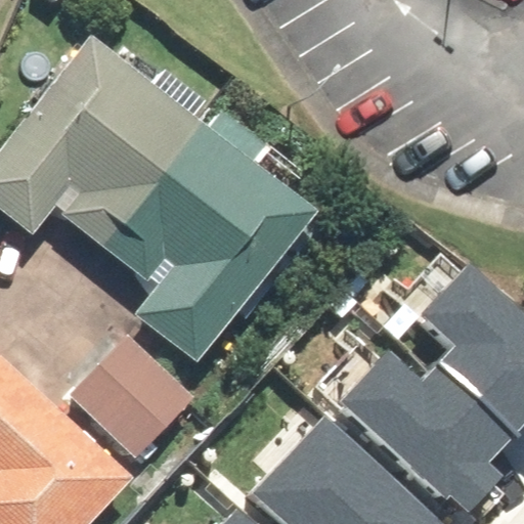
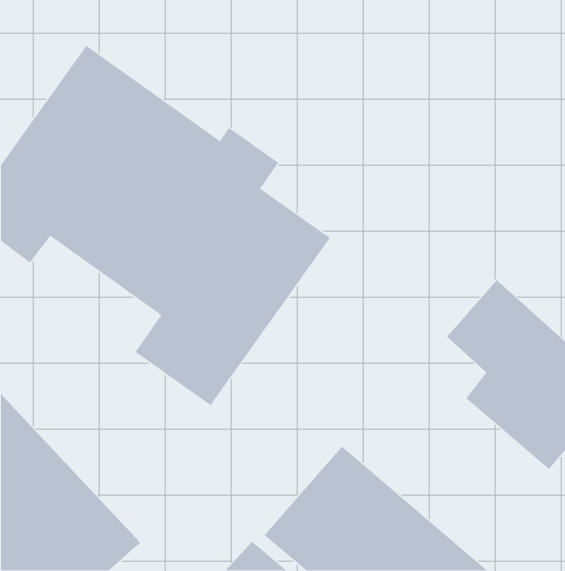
building: [70,339,196,467] -> none
building: [339,345,509,505] -> none

